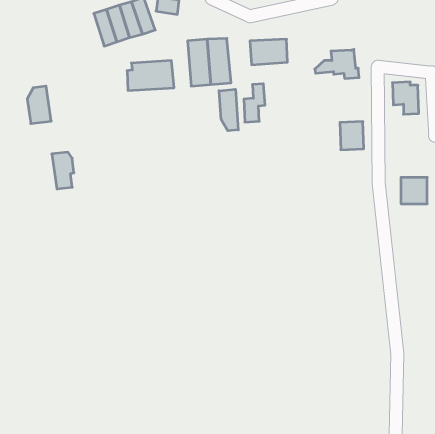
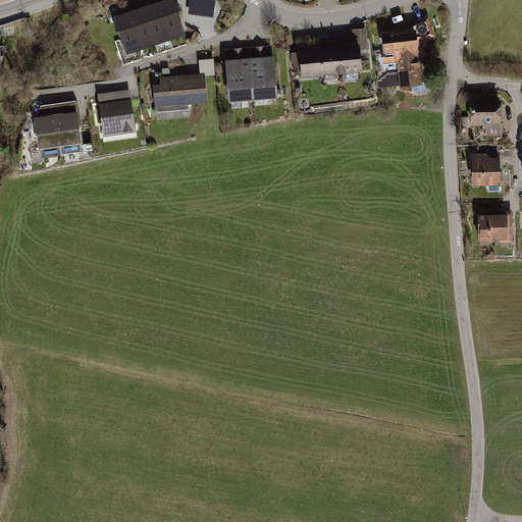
building: none -> [380,17,434,62]
building: none -> [96,90,135,138]
building: [244,84,265,122] -> [343,29,368,74]
building: [219,89,238,131] -> none
building: [340,122,364,150] -> [471,152,500,186]
building: [52,152,74,189] -> [55,101,82,145]

